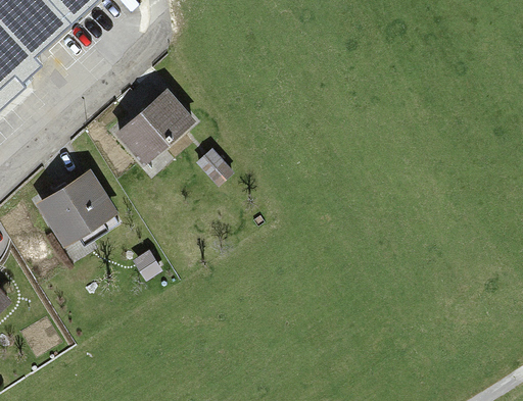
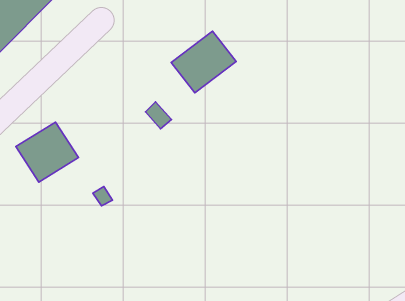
building: [126,89,204,163] -> [171,31,236,93]

